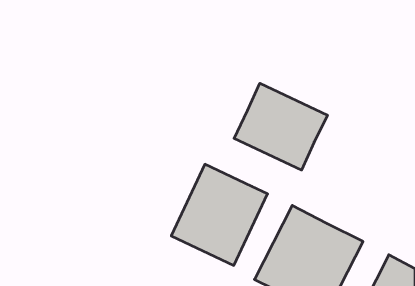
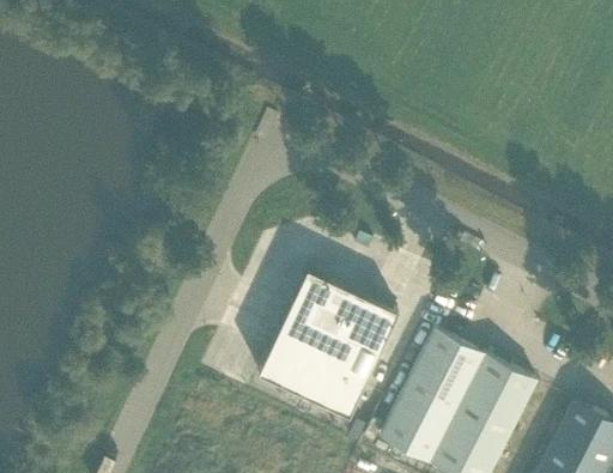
building: [234,83,327,170] -> none

